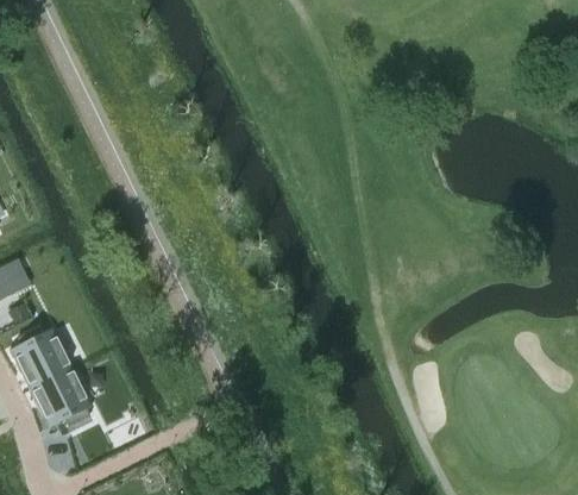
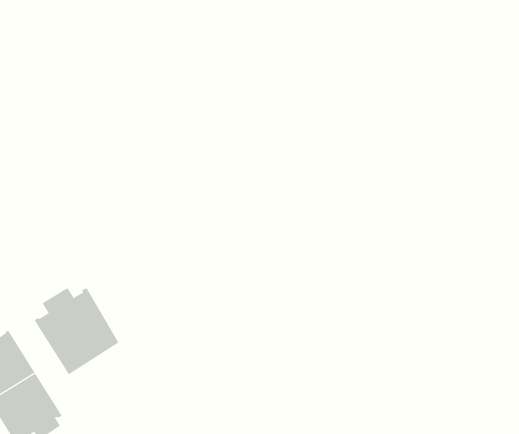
building: none -> [34,287,119,375]

